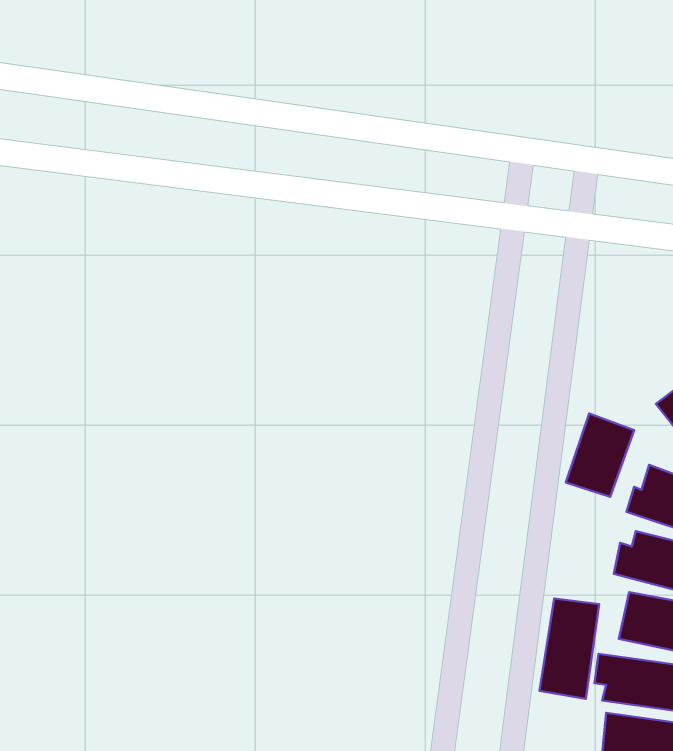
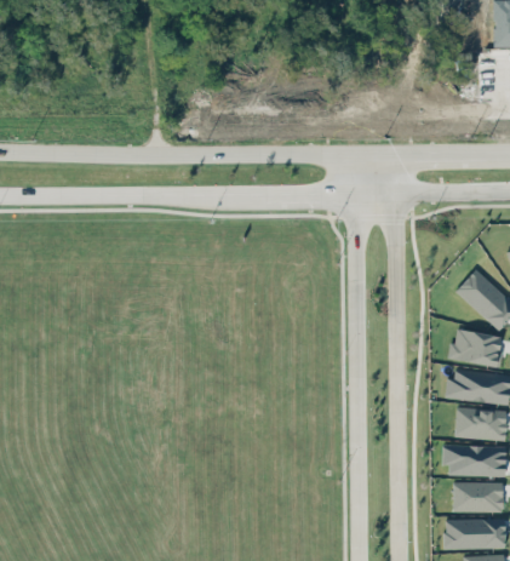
building: [566,414,634,497] -> none
building: [540,598,599,699] -> none

